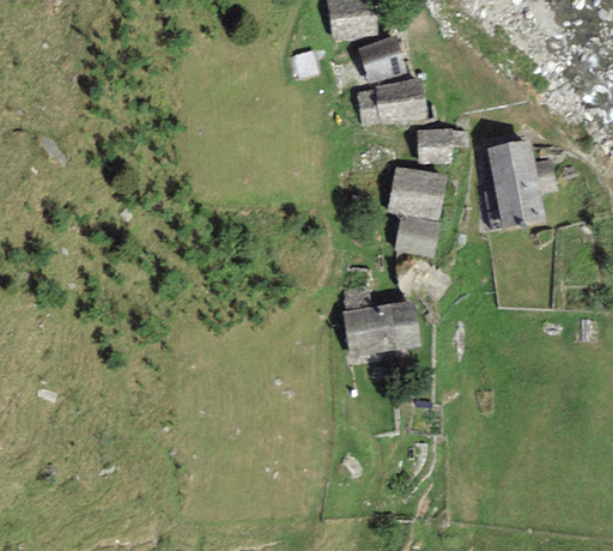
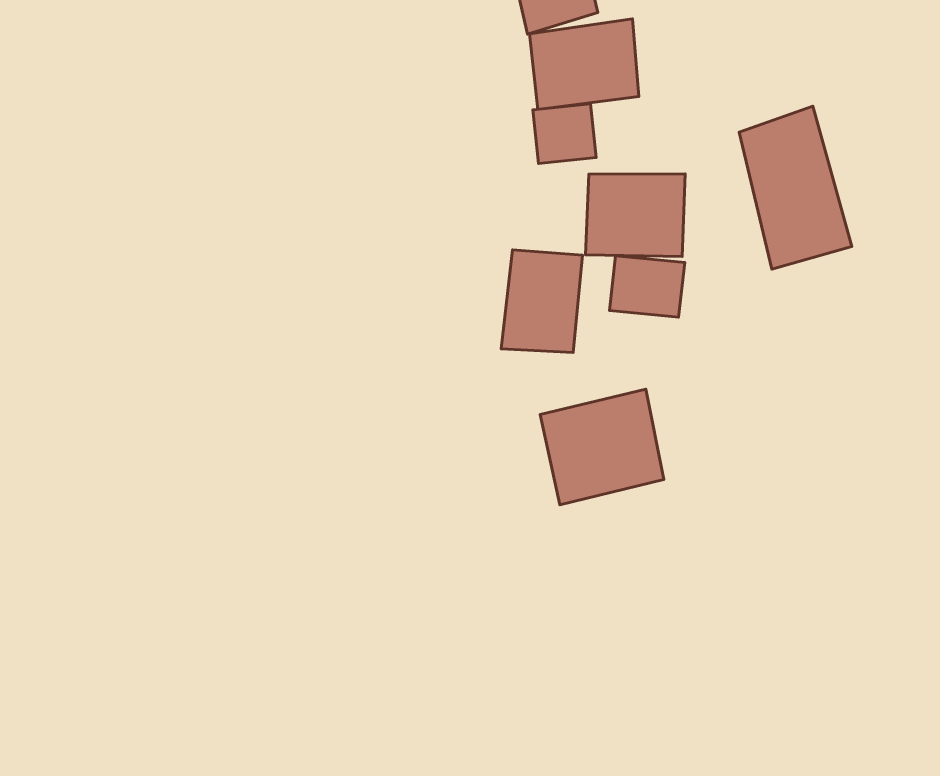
building: [418,128,453,161] -> [533,104,596,164]
building: none -> [501,250,583,352]

